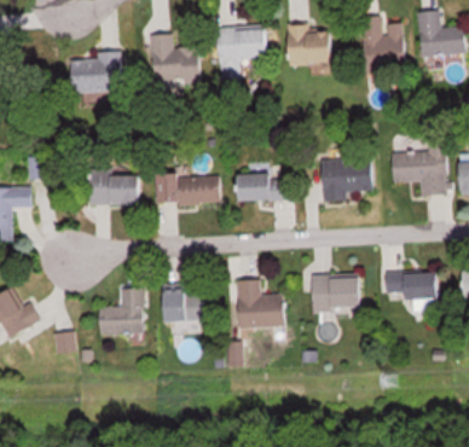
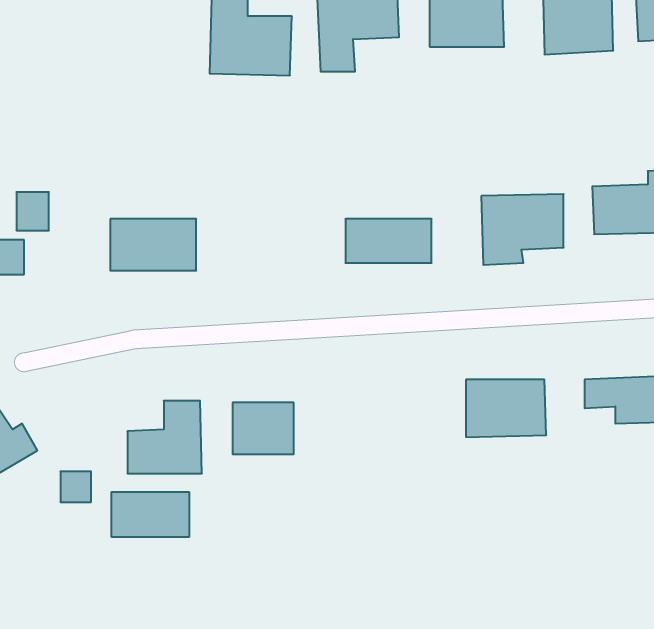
building: [70,51,121,92] -> none
building: [156,174,220,204] -> none
building: [237,279,285,327] -> none
building: none -> [112,492,189,537]

